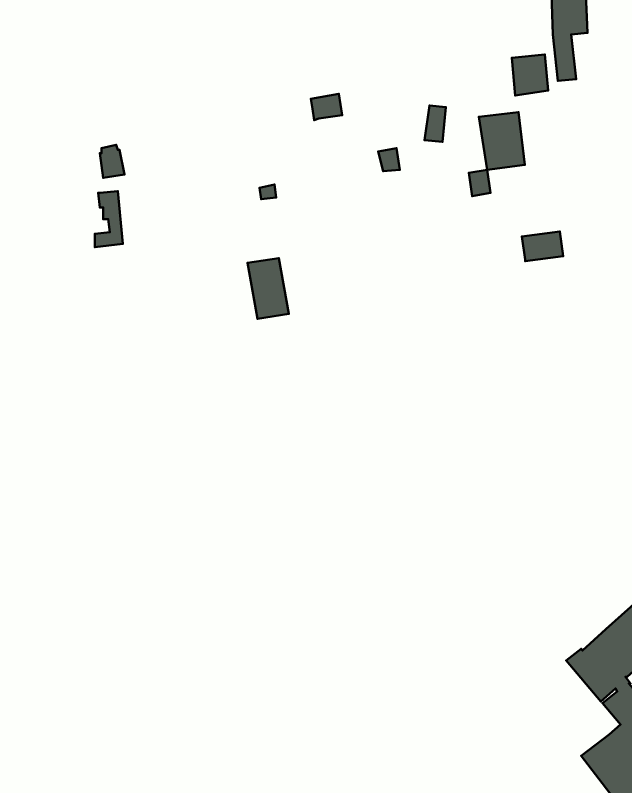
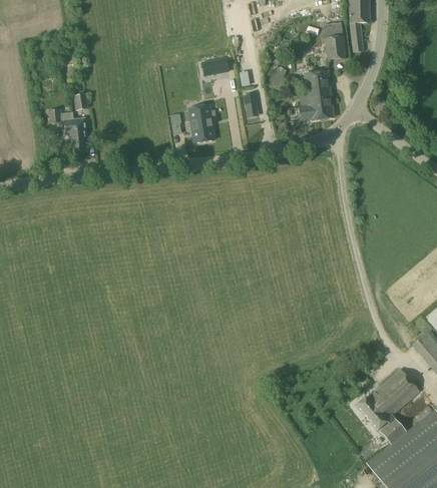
building: none -> [49,107,80,143]
building: [522,231,563,261] -> [310,101,335,119]
building: [248,258,289,319] -> [190,110,215,147]

